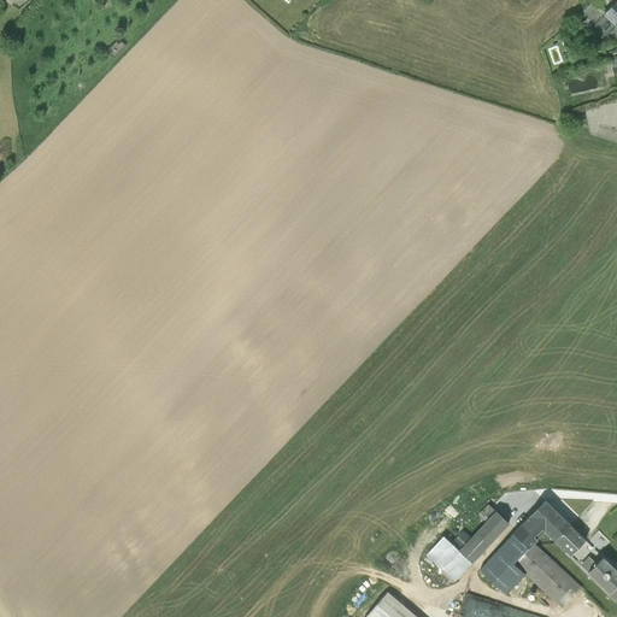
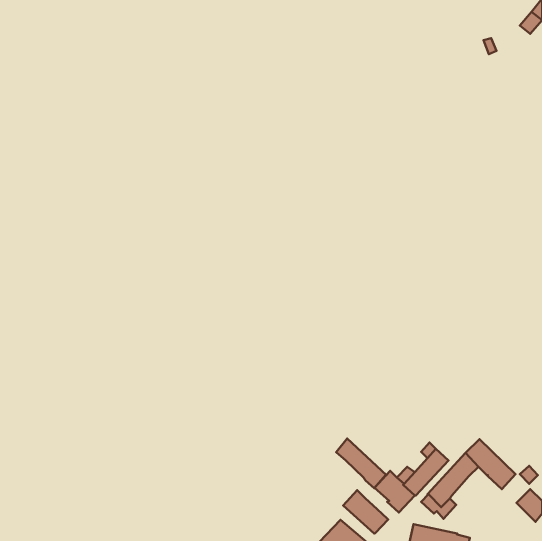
building: none -> [336,438,386,488]
building: [513,542,581,607] -> none
building: none -> [343,490,388,533]

